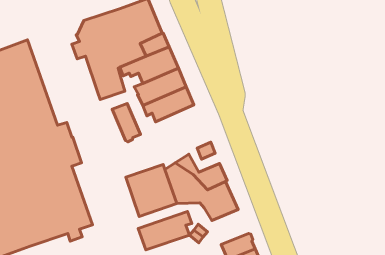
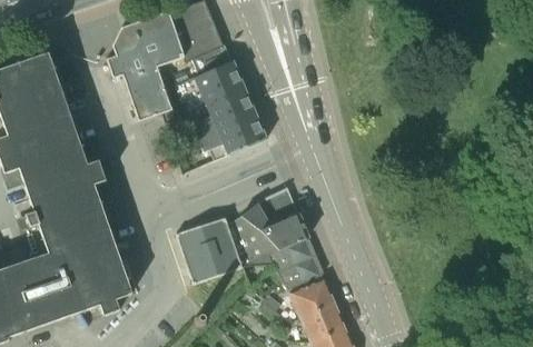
building: [112,103,141,142] -> none
building: [138,211,192,250] -> none
building: none -> [289,278,336,320]

